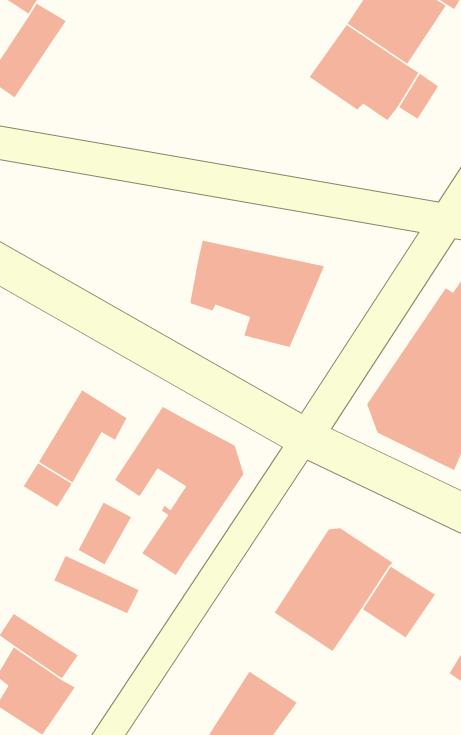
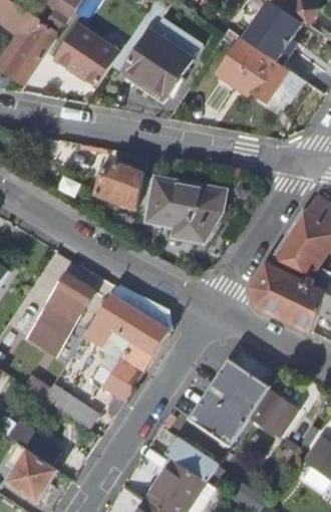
building: none -> [56,24,118,84]
building: none -> [118,28,194,102]
building: none -> [96,165,140,217]
building: none -> [168,438,220,483]

